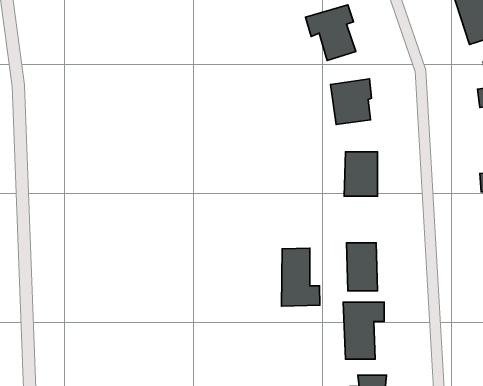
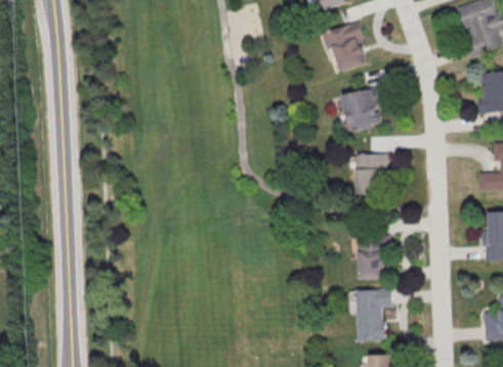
building: [281,248,320,306] -> none

